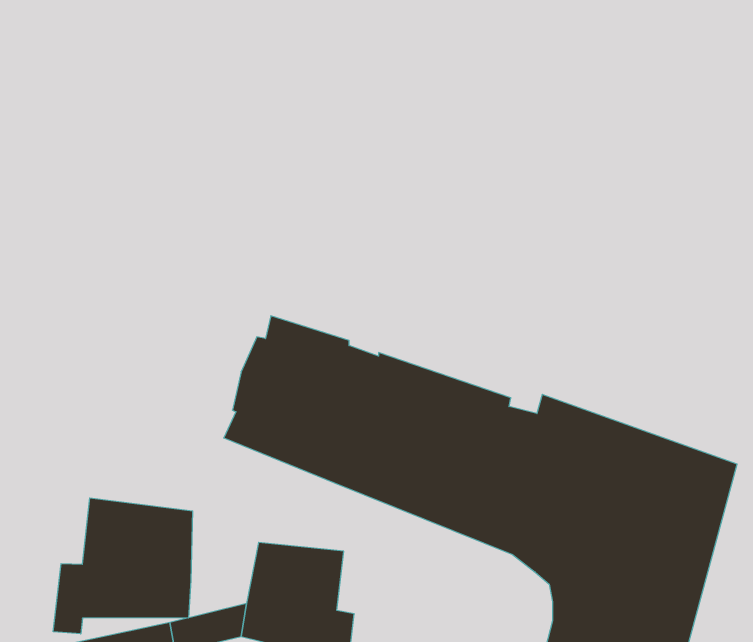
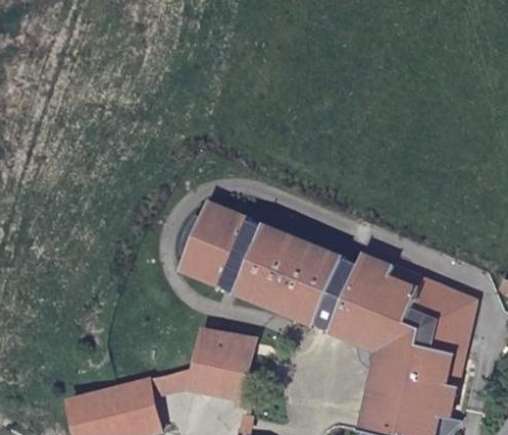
building: [53,498,193,634] -> none

